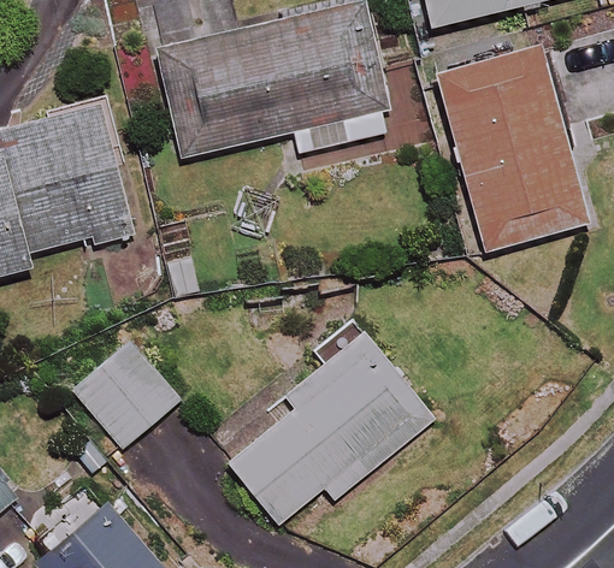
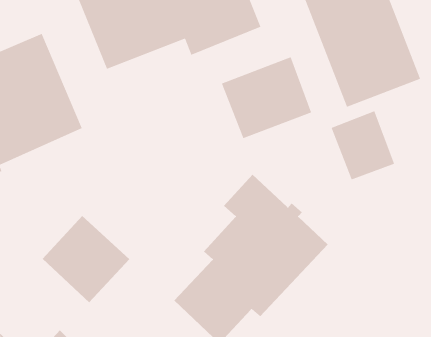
building: none -> [221,56,312,139]
building: none -> [330,110,395,181]

